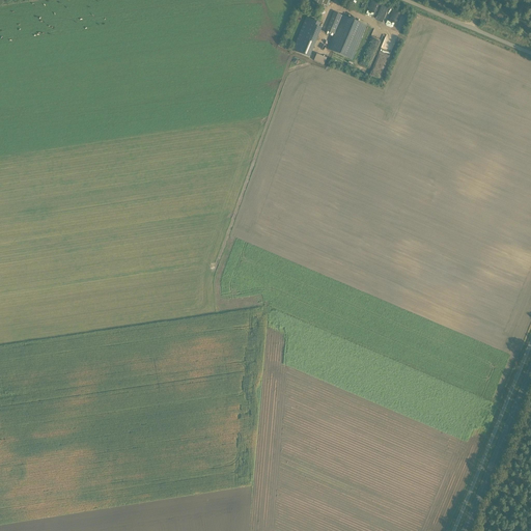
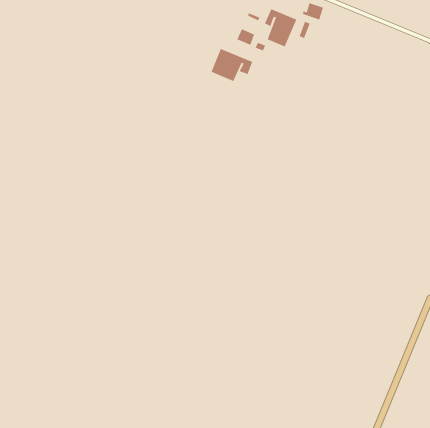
building: none -> [211,48,253,82]

